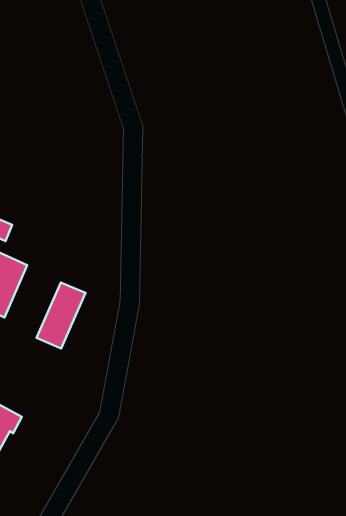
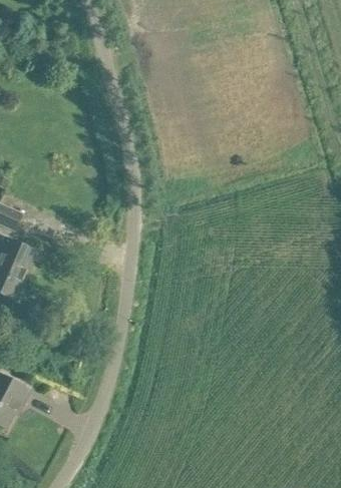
building: [37,282,86,348] -> none

